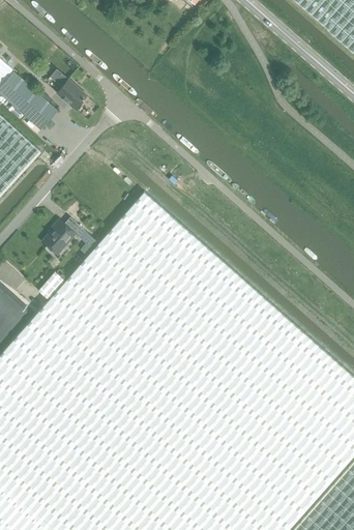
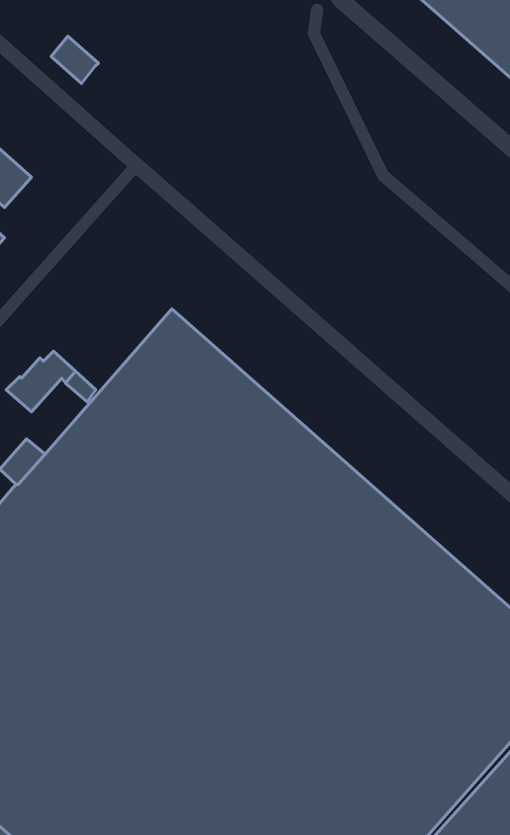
building: [57,81,86,110] -> [51,36,98,84]

